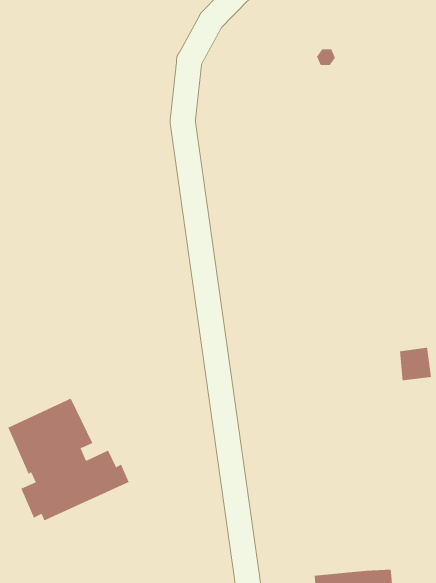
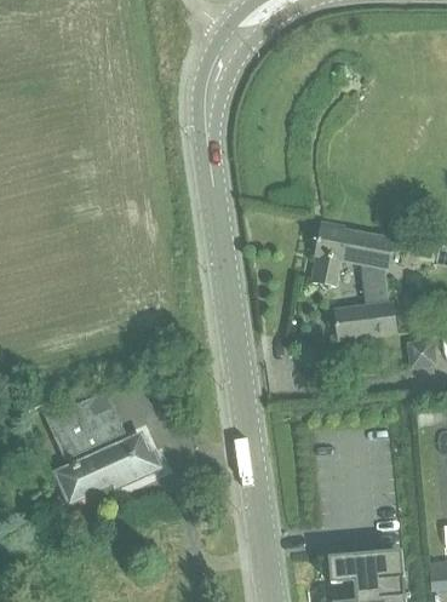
building: none -> [315,225,396,338]

